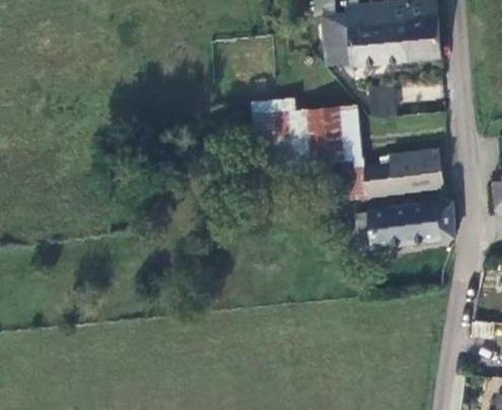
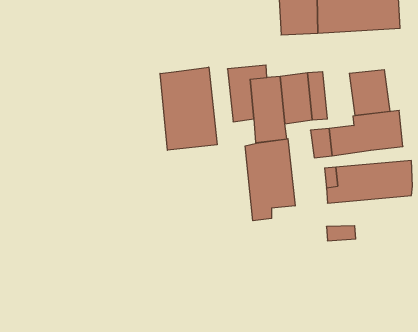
building: none -> [160,67,217,150]
building: none -> [349,70,390,115]
building: none -> [245,139,295,221]

